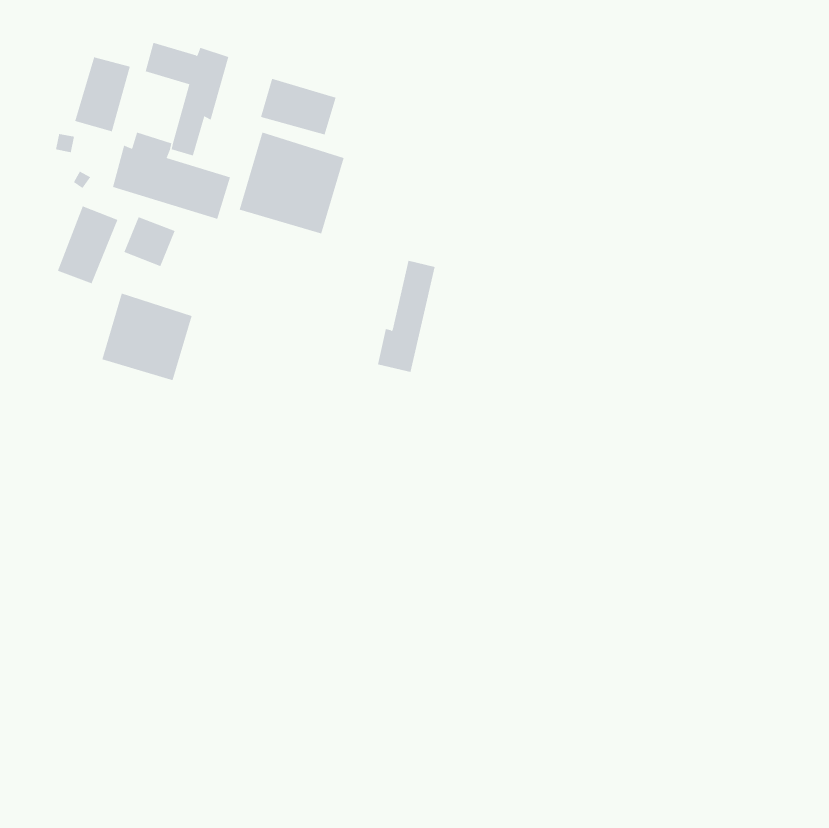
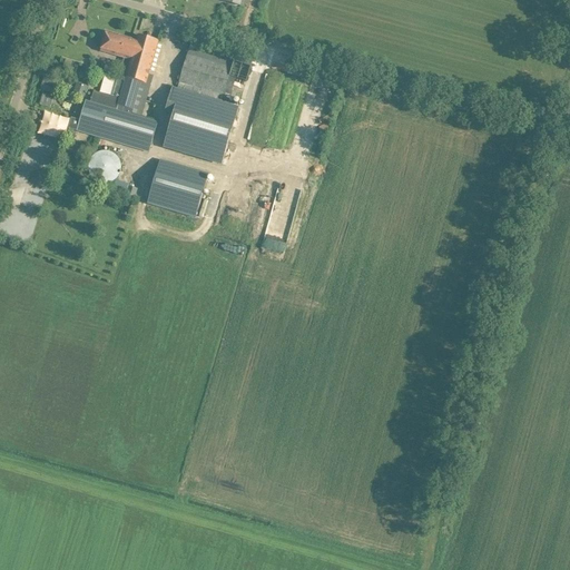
building: [74,56,130,132] -> none
building: [57,205,118,284] -> none
building: [102,293,193,381] -> [146,157,208,217]

